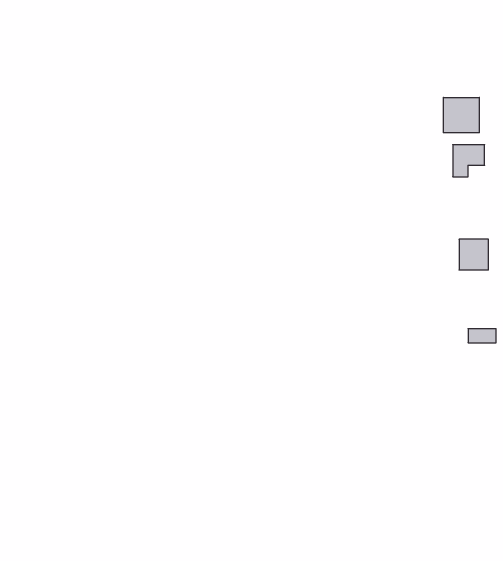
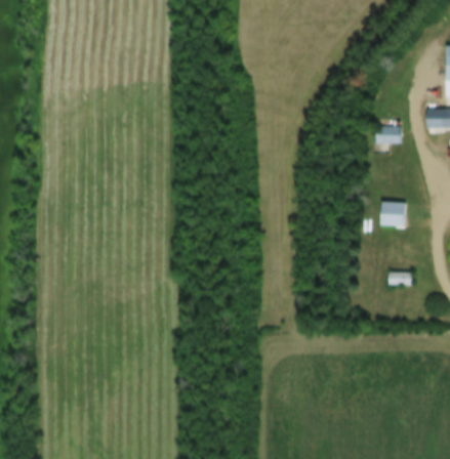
building: [443,97,479,133] -> none

